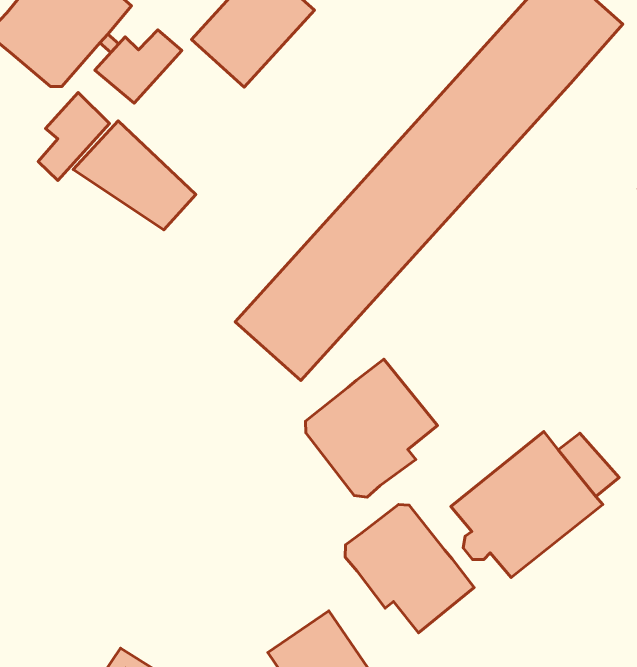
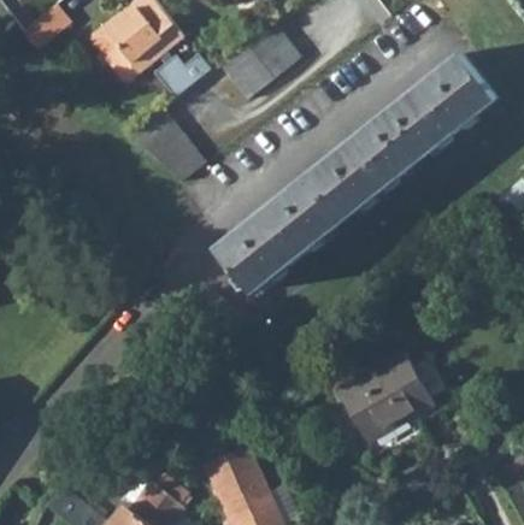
building: [38,92,110,181] -> none
building: [305,359,438,497] -> none
building: [345,504,474,633] -> none

